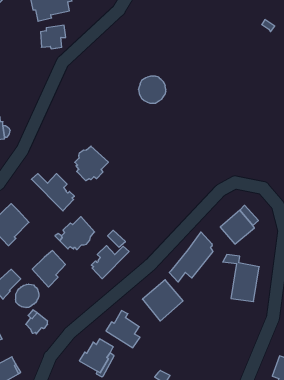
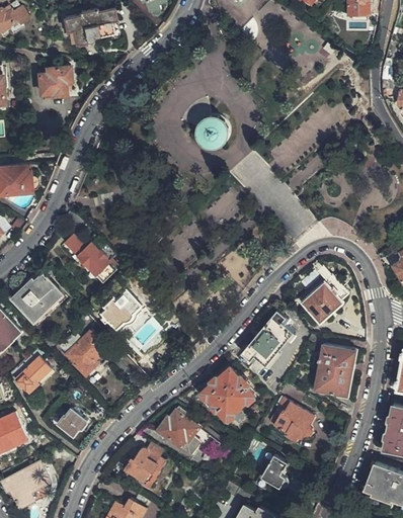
building: [41,25,66,49] -> [38,67,70,96]
building: [75,146,108,181] -> none
building: [91,246,129,279] -> none
building: [16,284,39,308] -> none
building: none -> [272,400,314,441]
building: none -> [260,456,288,489]

